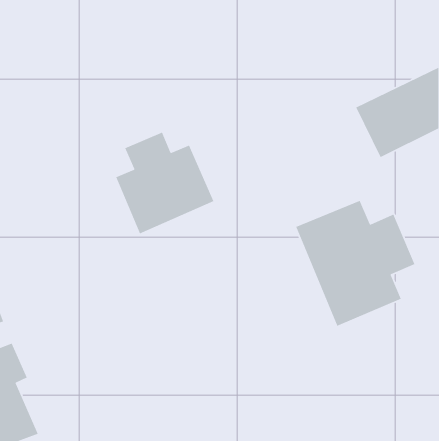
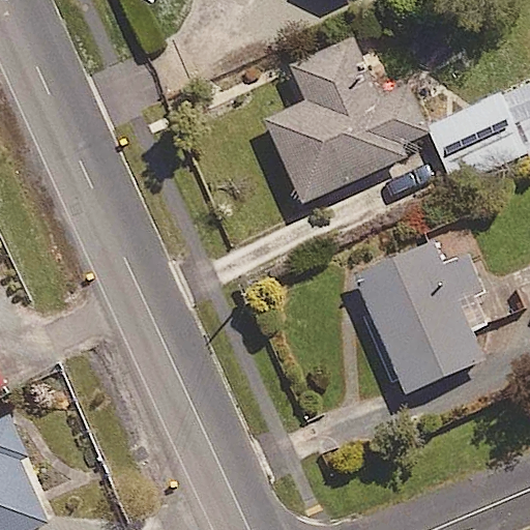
building: none -> [264,37,431,202]
building: [115,131,215,234] -> none

